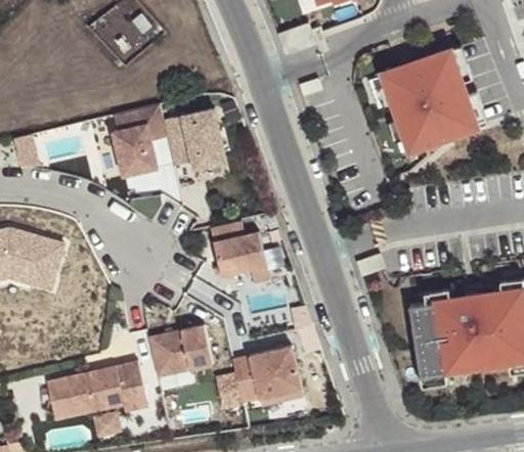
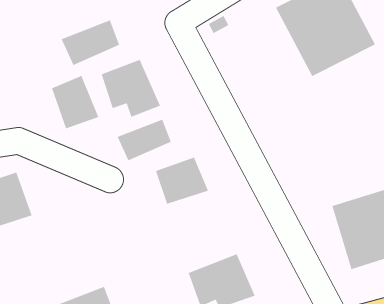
building: none -> [61,20,120,66]
building: none -> [117,119,172,161]
building: [147,319,212,372] -> none

